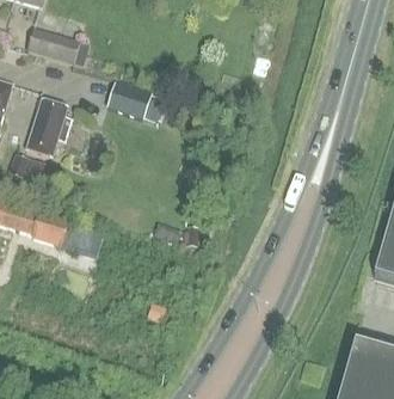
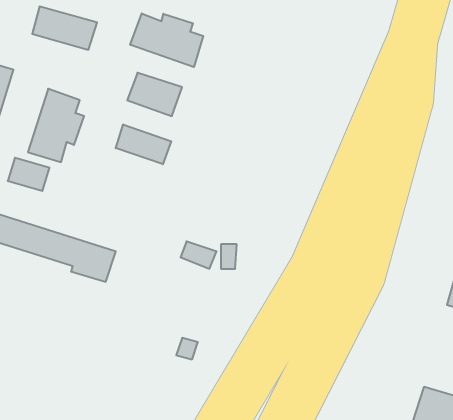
building: none -> [130,13,203,67]
building: none -> [116,124,171,164]

